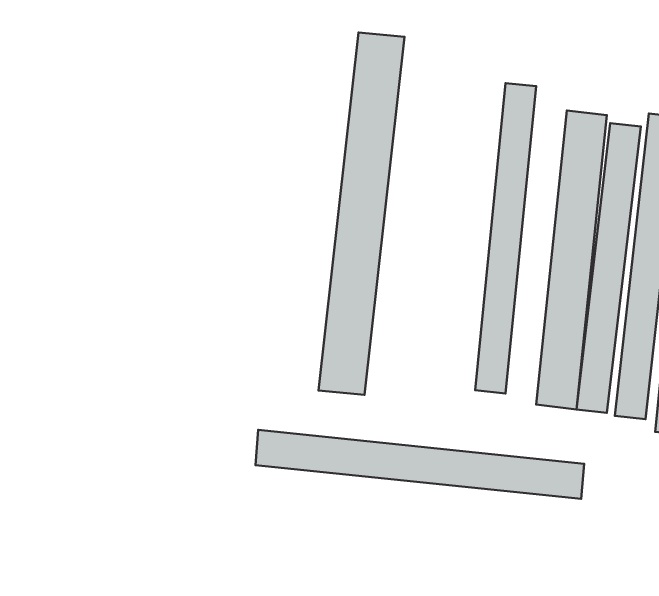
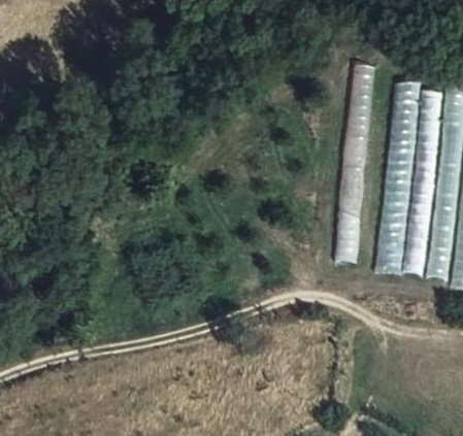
building: [319,32,405,395] -> none
building: [255,430,584,499] -> none

